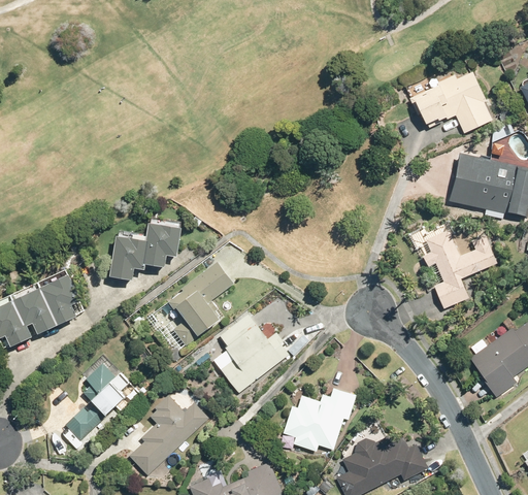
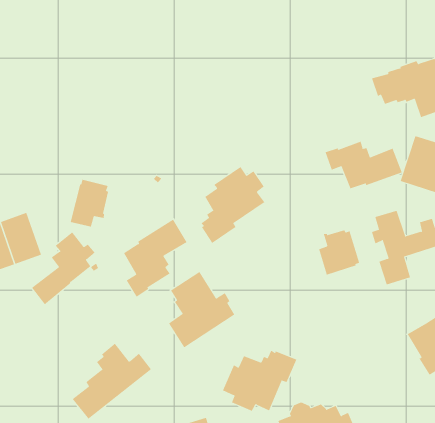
building: none -> [325,141,403,189]
building: none -> [200,166,265,244]
building: [145,216,183,265] -> none
building: none -> [318,230,360,275]
building: [66,362,129,440] -> [31,231,95,305]

